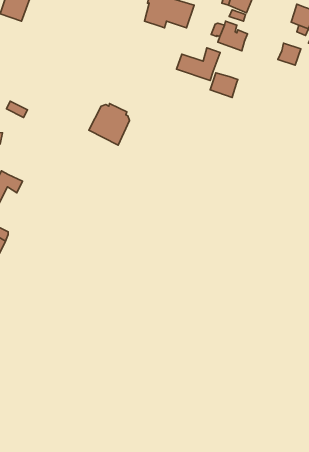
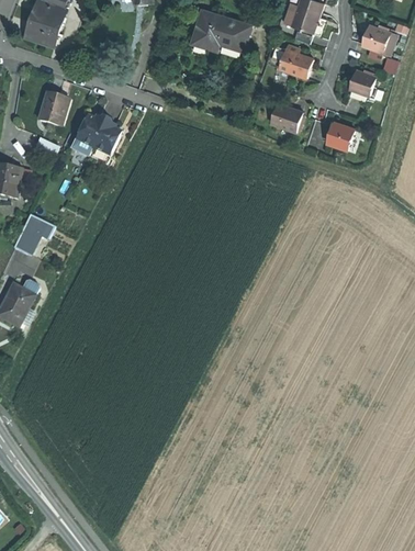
building: [176,48,220,80] -> none
building: none -> [38,92,69,127]
building: none -> [325,120,354,147]
building: [89,103,130,145] -> [71,116,119,165]

